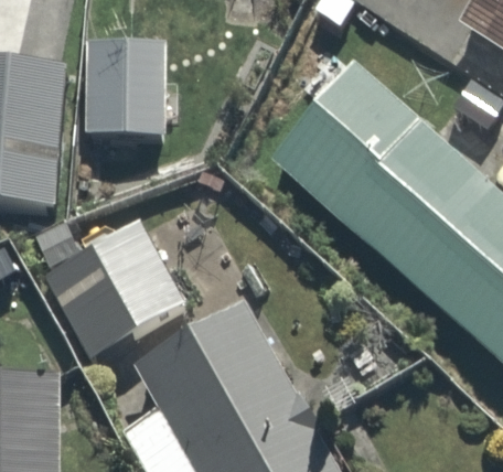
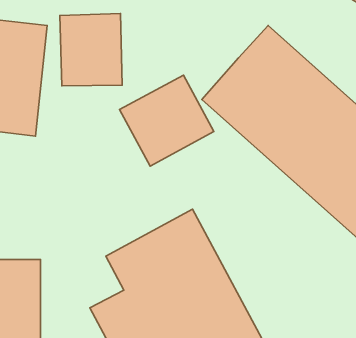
building: none -> [120,75,214,166]
building: [40,210,197,354] -> none

